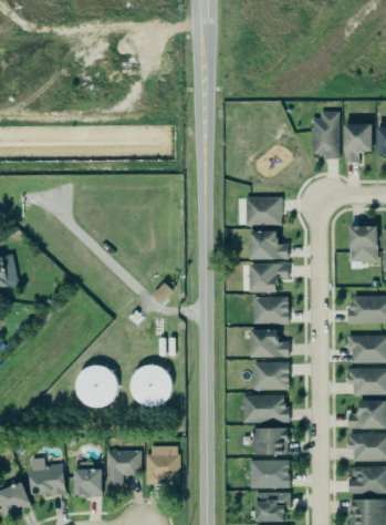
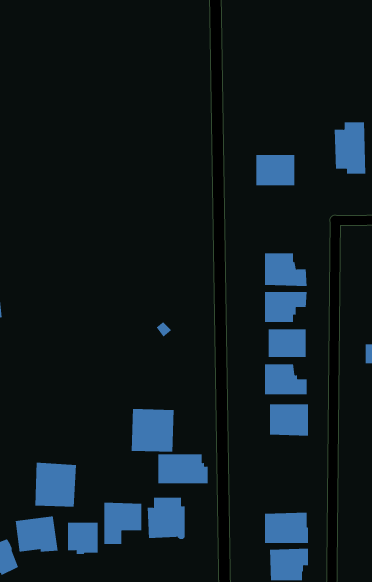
building: [246,196,281,224] -> [255,155,295,186]
building: [79,367,116,406] -> [34,462,77,507]
building: [243,394,289,421] -> [158,454,209,484]
building: [253,426,289,453] -> none

